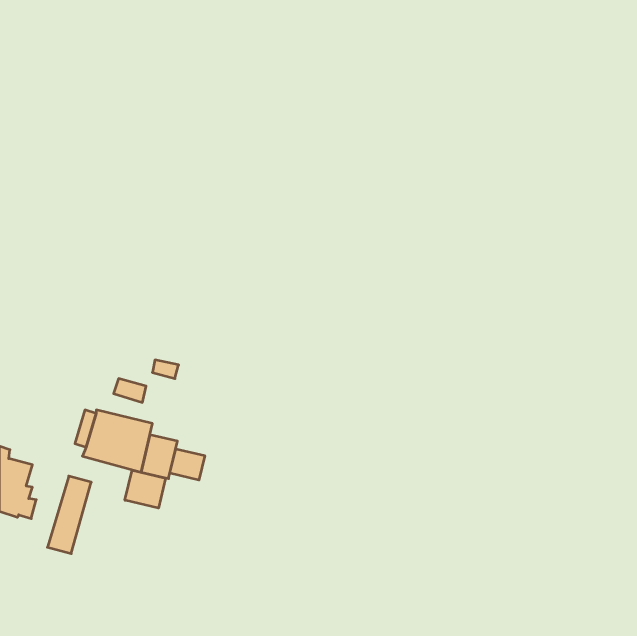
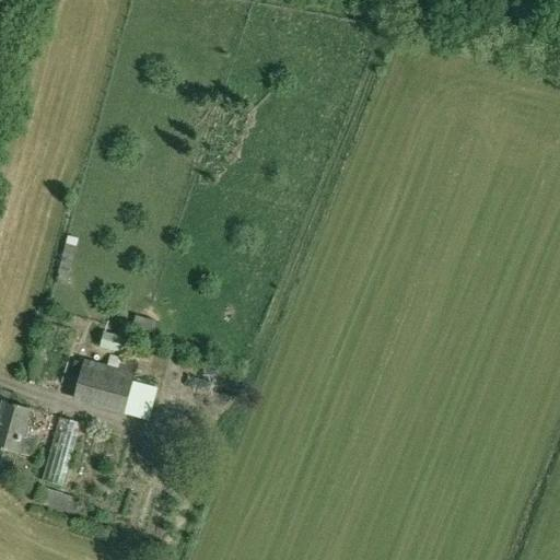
building: [170,449,205,480] -> none
building: [125,470,166,508] -> none

